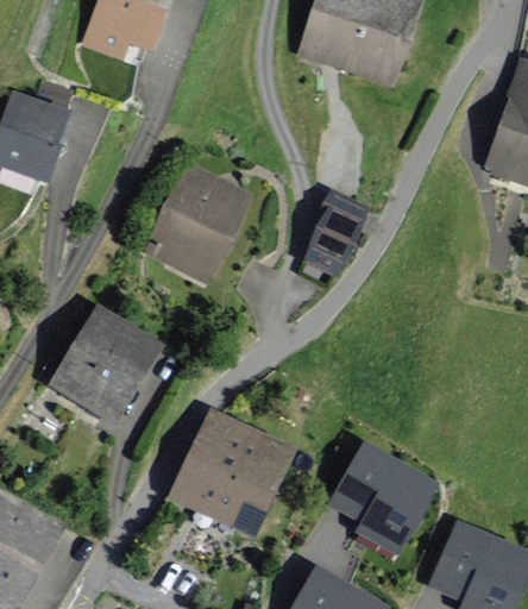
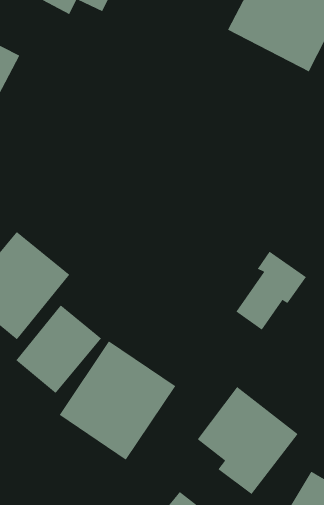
building: [146,163,252,282] -> none
building: [302,188,375,276] -> [236,251,307,330]
building: none -> [15,305,102,394]

